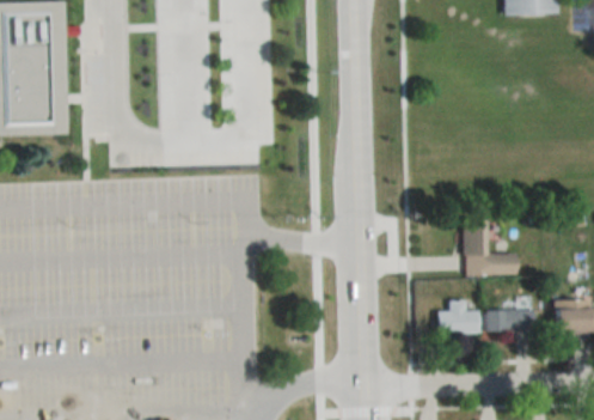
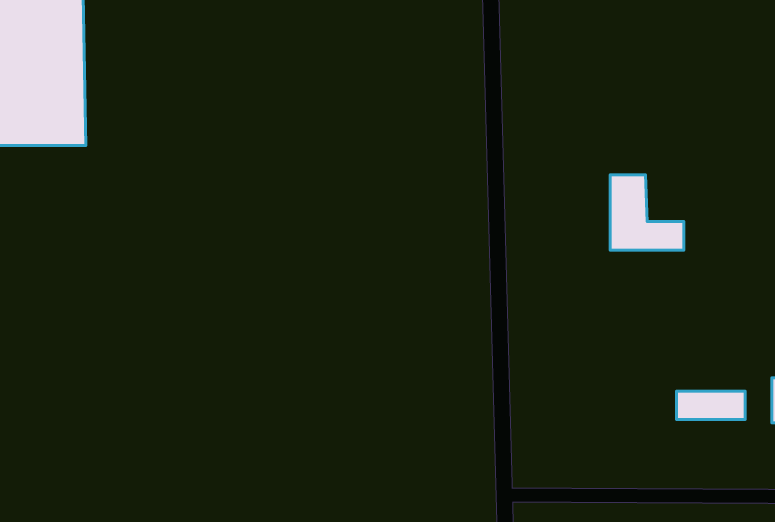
building: [465,220,518,274] -> [610,175,684,250]
building: [439,304,480,330] -> none

